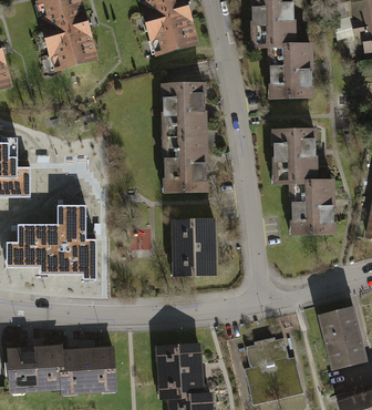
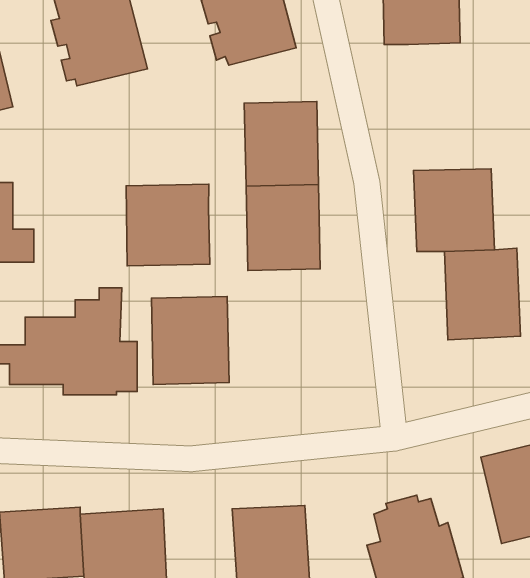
building: [268,47,319,99] -> none
building: none -> [126,184,210,266]
building: [170,219,220,276] -> [151,296,229,384]

